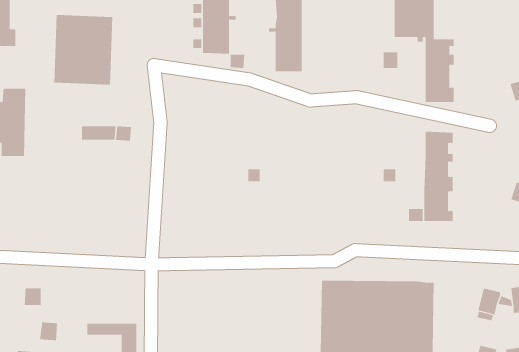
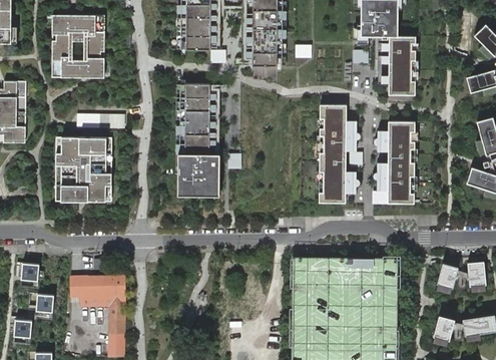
building: none -> [174,85,219,196]
building: none -> [319,105,346,204]
building: none -> [54,138,110,204]
building: none -> [68,276,126,296]

